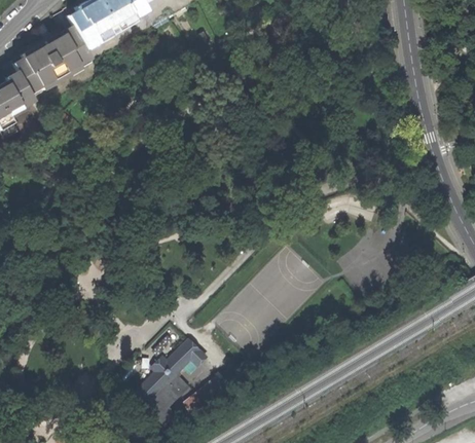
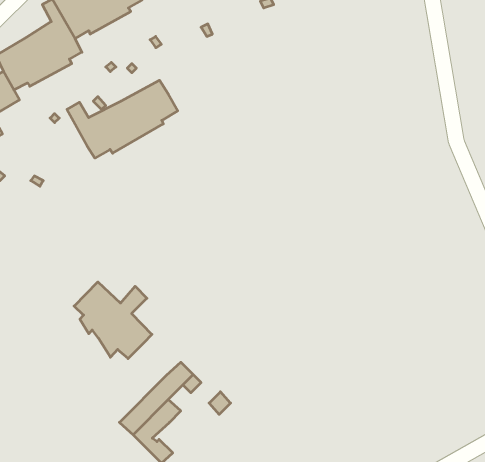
building: none -> [67,80,178,158]
building: none -> [74,282,152,359]

